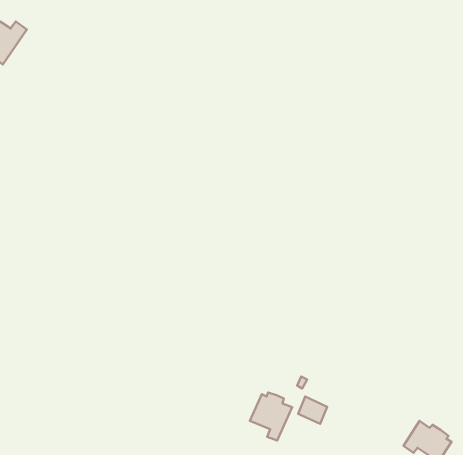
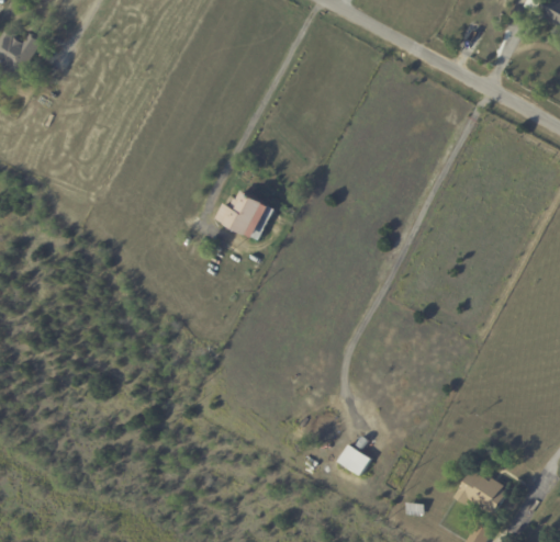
building: none -> [213,191,272,239]
building: [250,392,292,440] -> none

